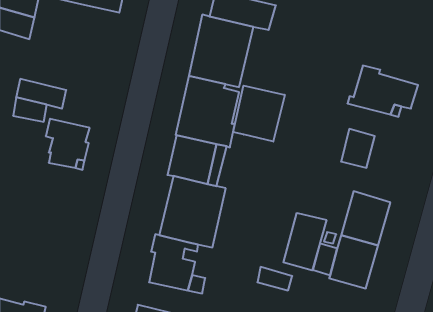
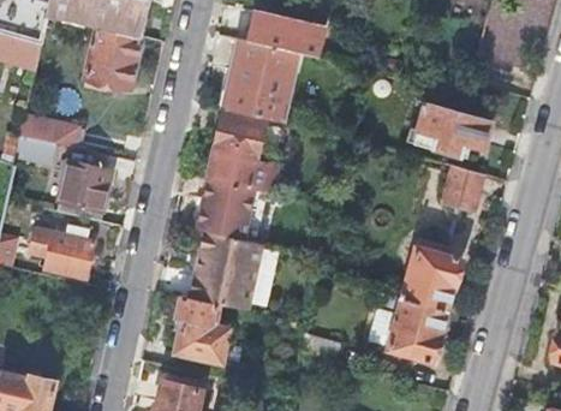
building: none -> [84,25,142,88]
building: [233,86,285,142] -> none
building: [341,129,375,168] -> [444,165,484,210]
building: none -> [43,227,94,278]
building: [283,213,326,270] -> none

